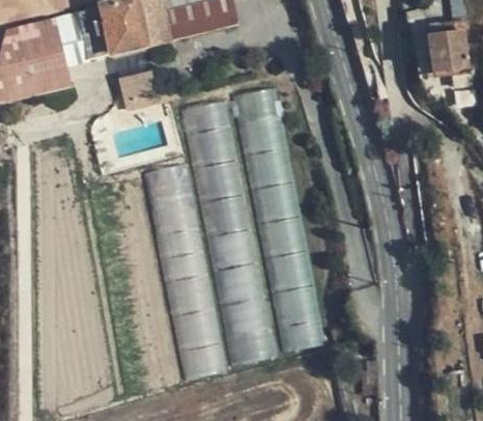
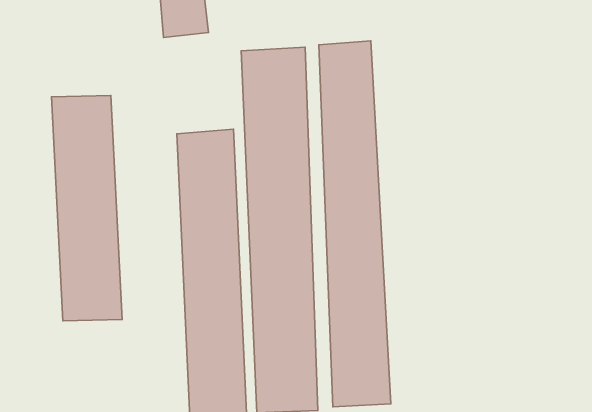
building: none -> [51,96,122,321]

